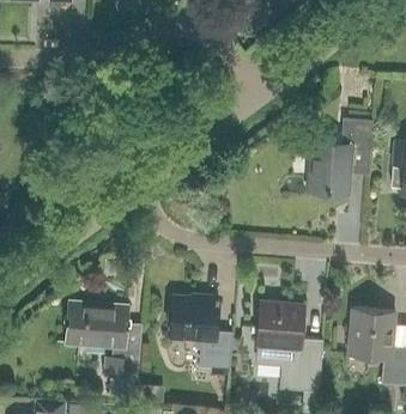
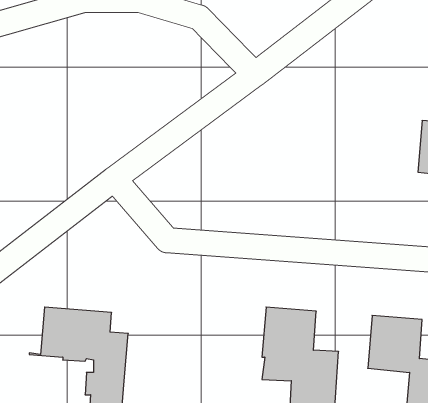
building: [307,118,371,193] -> none
building: [170,297,232,370] -> none

